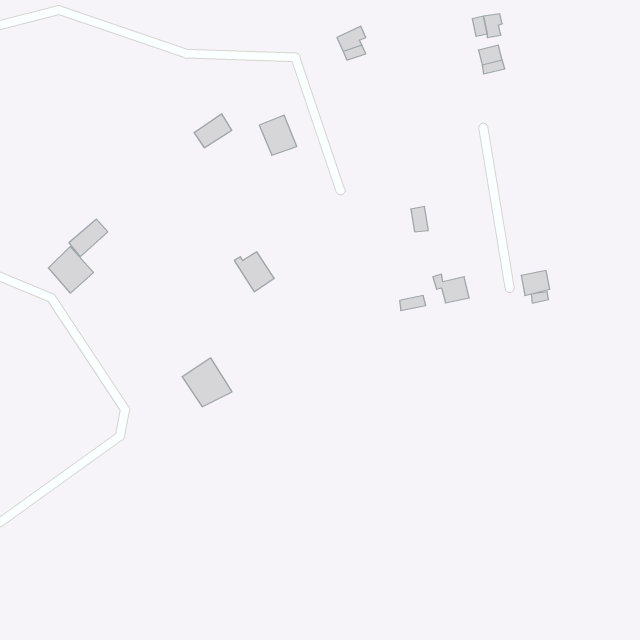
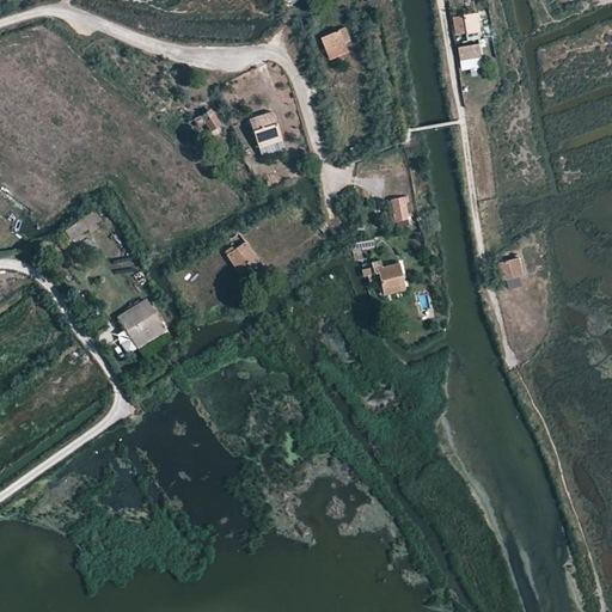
building: [48,247,93,293] -> none
building: [433,274,469,303] -> [369,259,404,287]
building: [182,358,232,407] -> [118,299,166,345]

